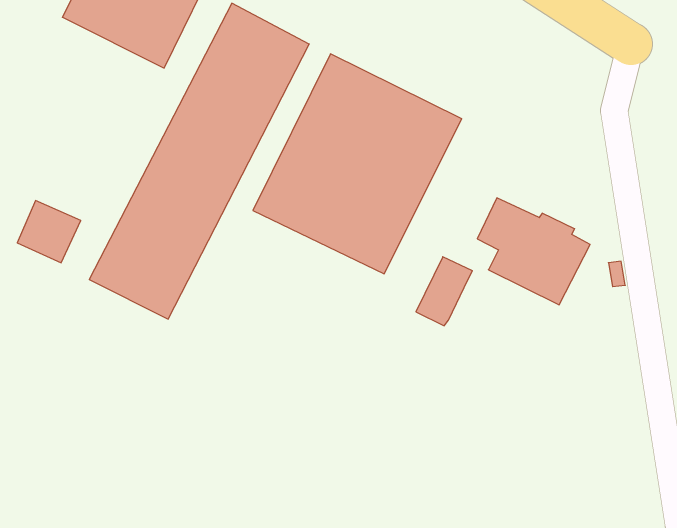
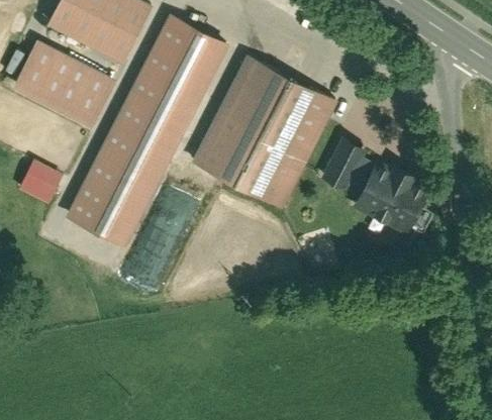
building: none -> [14,42,115,128]
building: [416,257,472,326] -> [324,138,365,188]

